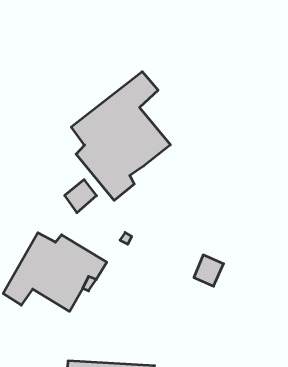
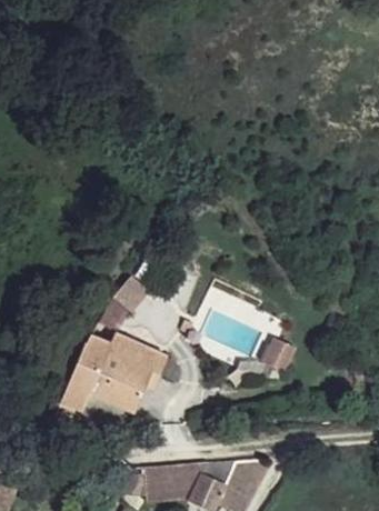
building: [71,72,170,200] -> none

